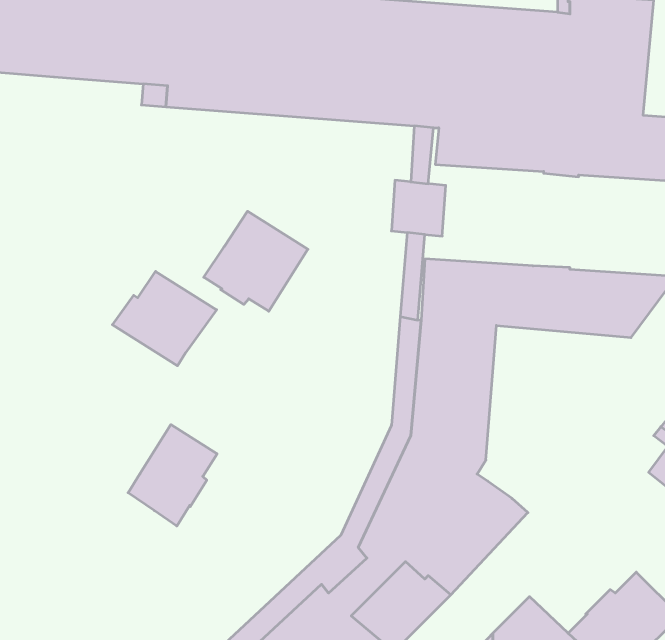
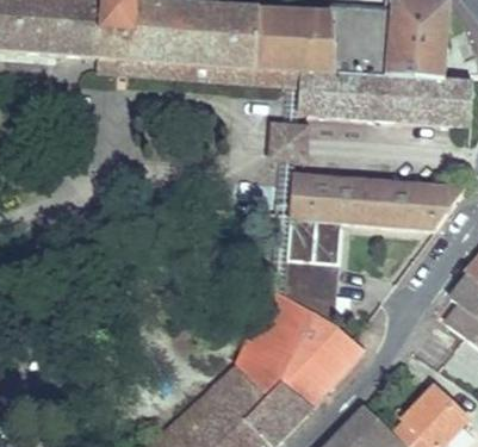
building: [204,211,308,311] -> none
building: [112,271,217,366] -> none
building: [128,425,217,526] -> none

